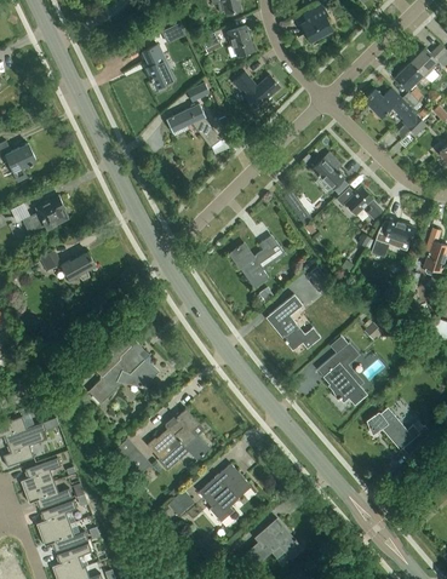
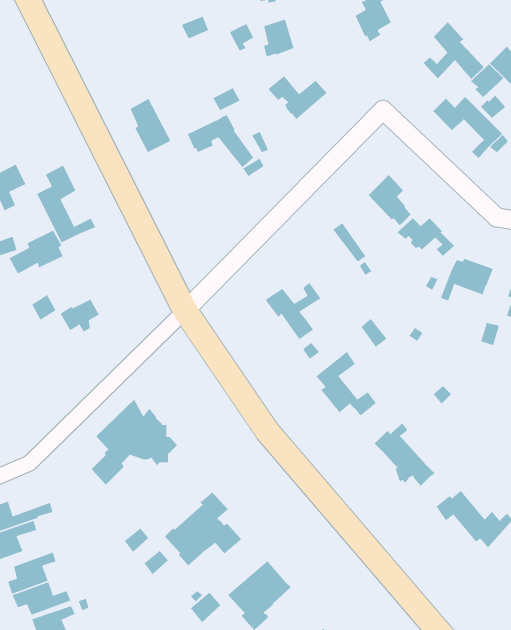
building: none -> [423,21,485,80]
building: [142,44,176,88] -> [130,98,171,153]
building: none -> [36,165,96,244]

